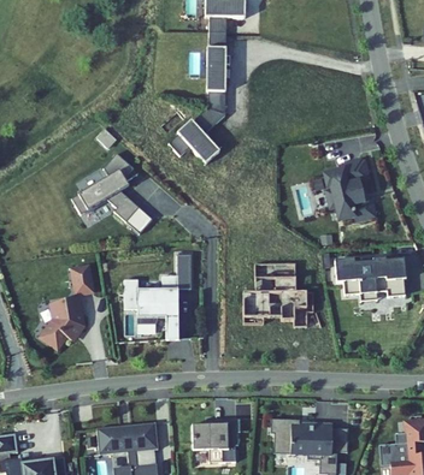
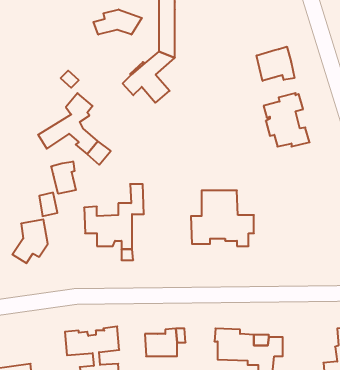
building: none -> [93,9,142,35]
building: none -> [257,47,294,81]
building: none -> [51,161,76,194]
building: [332,260,404,298] -> none

